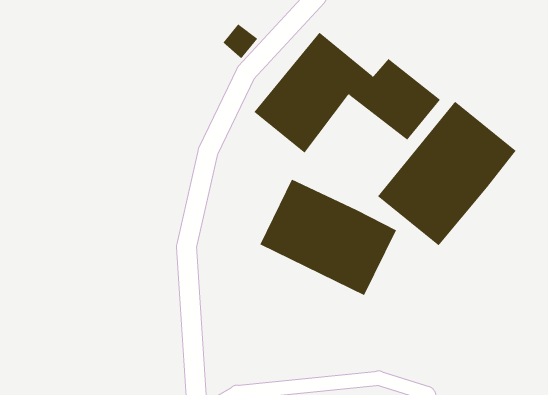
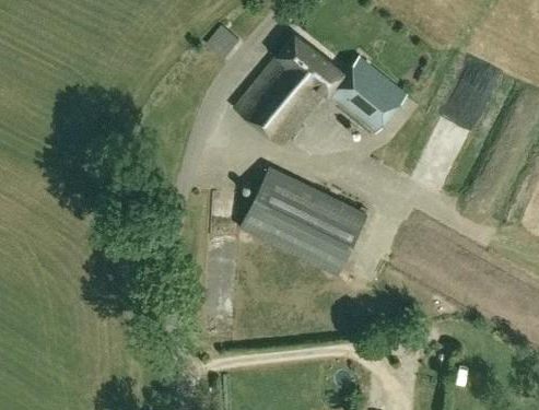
building: [377,101,516,246] -> none

